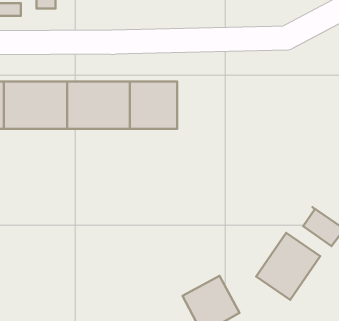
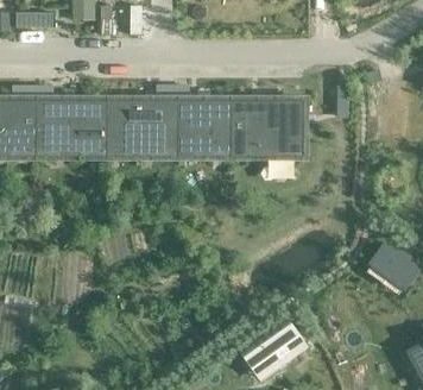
building: none -> [231,101,302,155]
building: [256,233,320,300] -> none

